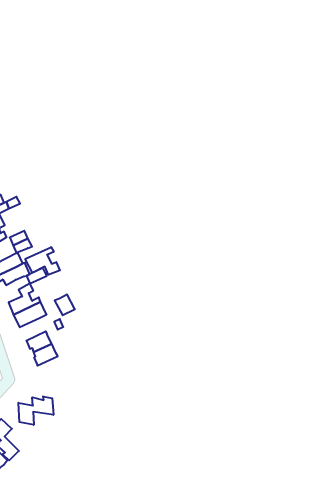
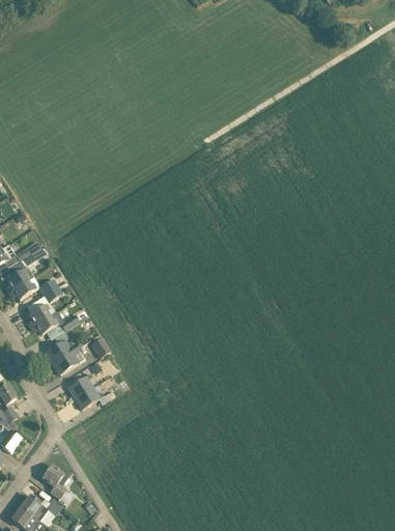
building: [25,247,60,275] -> none
building: [18,396,53,425] -> none

